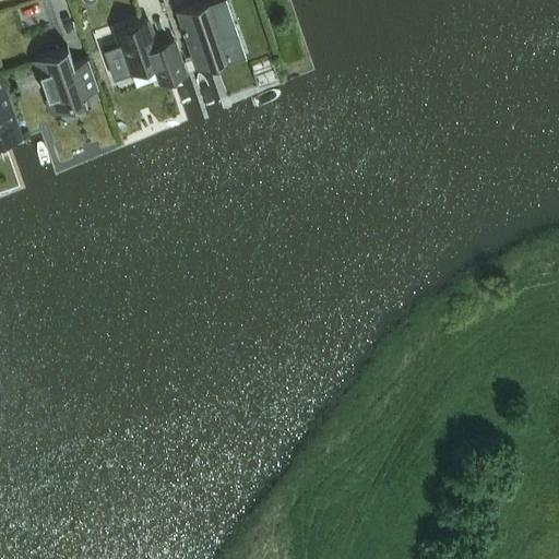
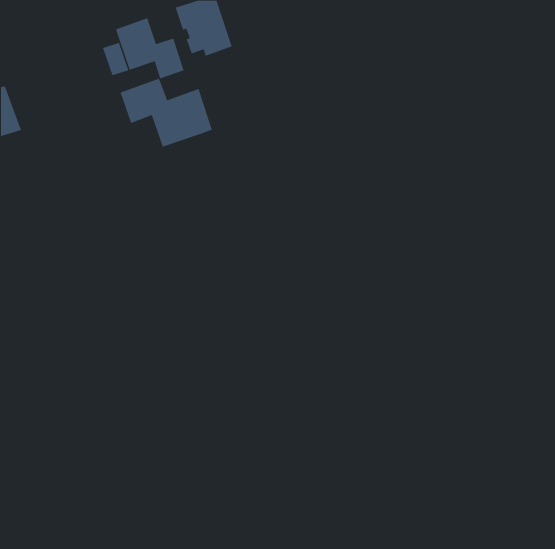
building: [35,51,99,112] -> none
building: none -> [120,78,213,148]

